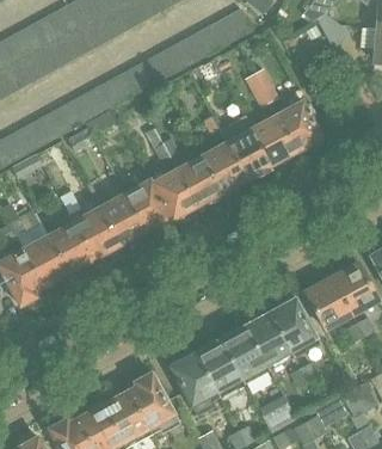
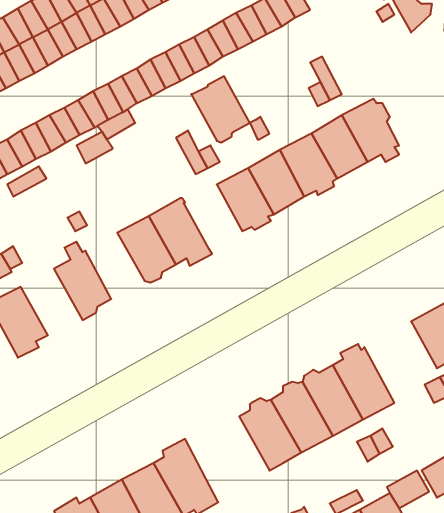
building: [152,168,198,221] -> [191,76,250,142]
building: [74,207,121,259] -> none
building: [23,235,72,288] -> none
building: [306,277,352,328] -> none
building: [168,352,220,413] -> none

